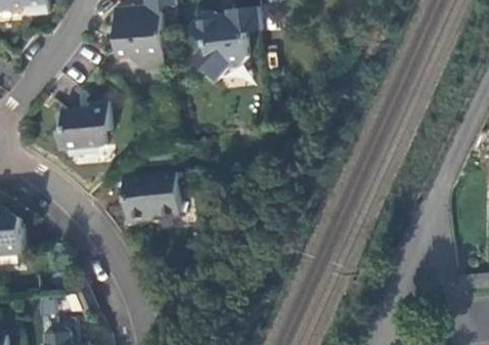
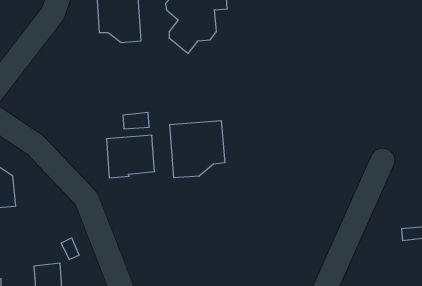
building: [58,100,109,148] -> none
building: none -> [170,121,225,178]

